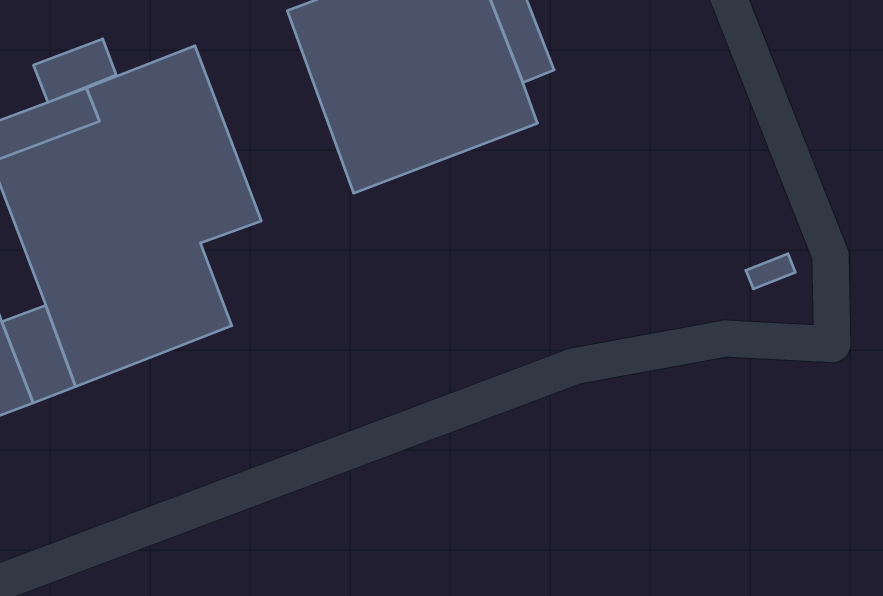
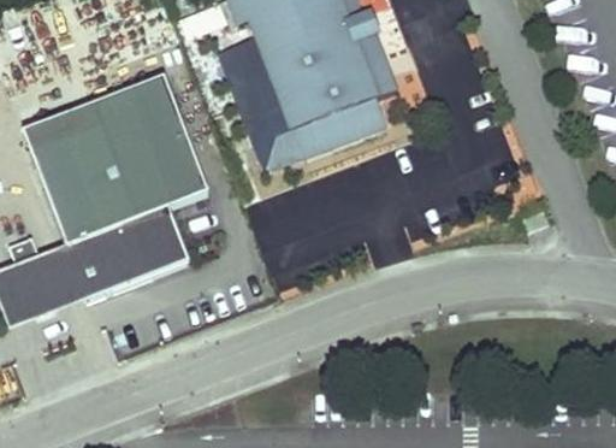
building: [34,39,116,102] -> none

